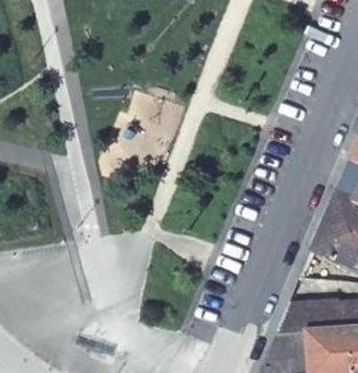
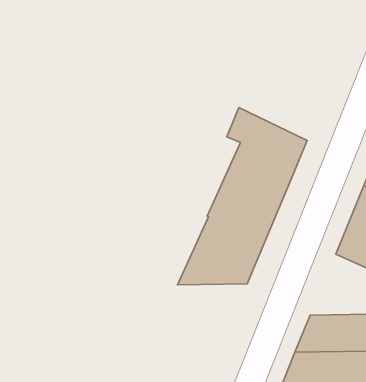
building: none -> [178,107,307,285]

